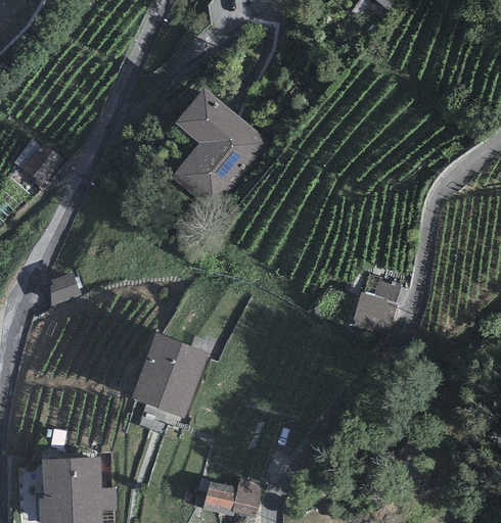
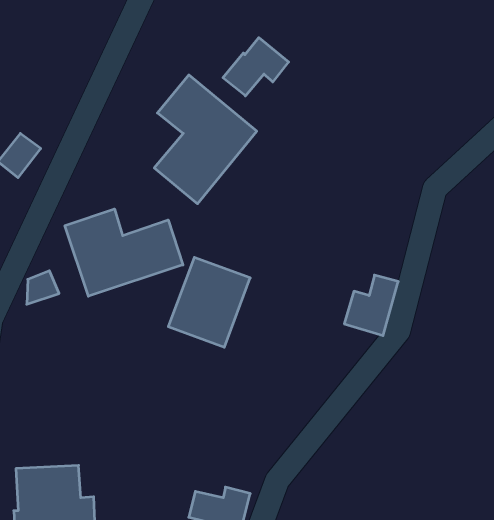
building: none -> [223,38,289,96]
building: none -> [65,209,183,296]
building: [130,333,208,418] -> [168,257,250,347]

